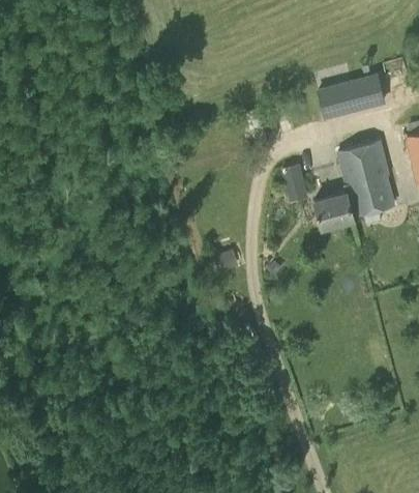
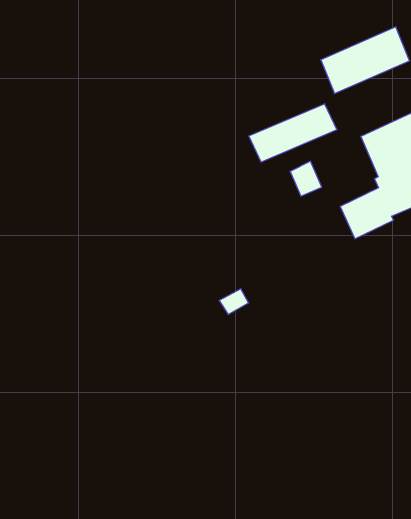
building: none -> [249,104,337,162]

